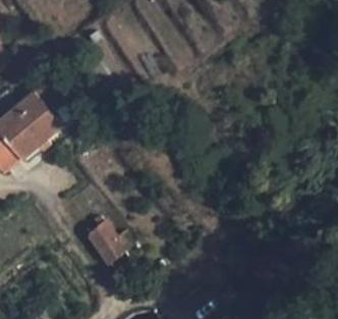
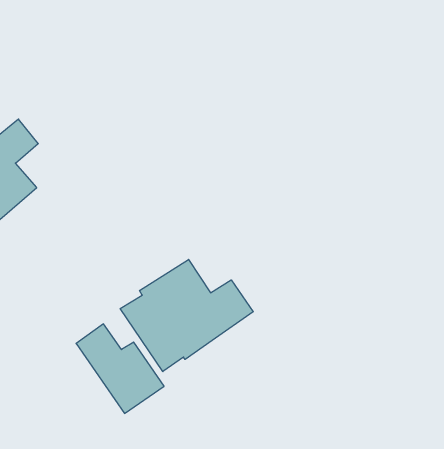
building: none -> [120,259,253,372]

